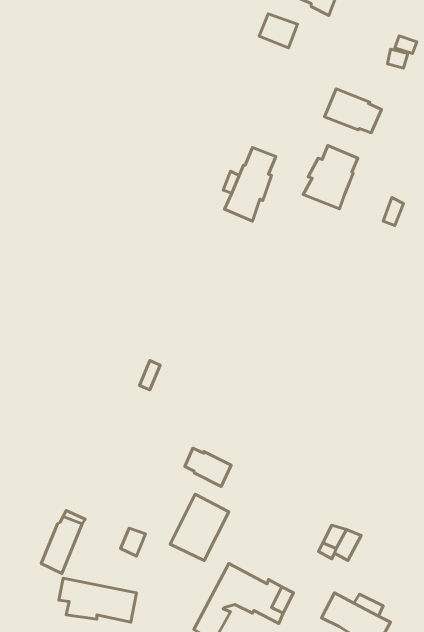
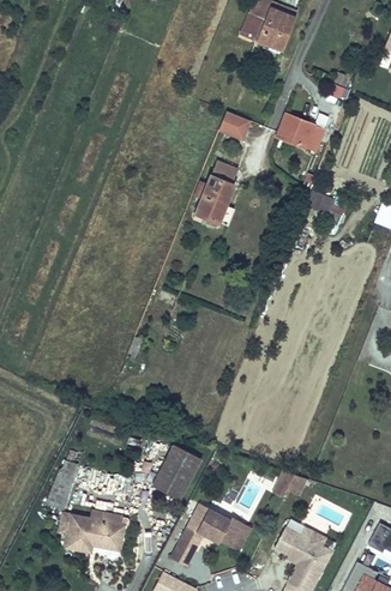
building: [259,14,297,48] -> [219,111,251,139]
building: [303,145,358,209] -> none
building: [185,448,231,487] -> none

